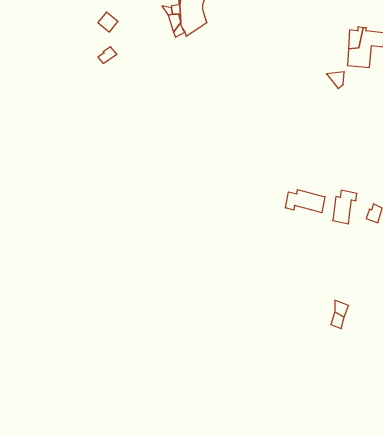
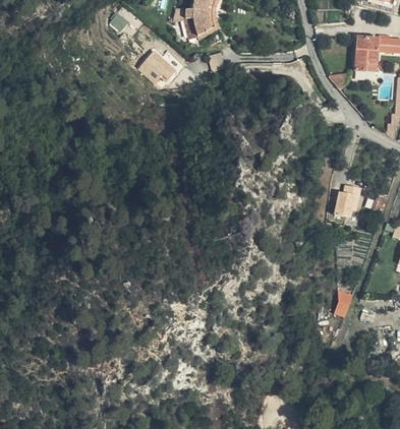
building: none -> [134,50,165,74]
building: [285,190,325,213] -> none

